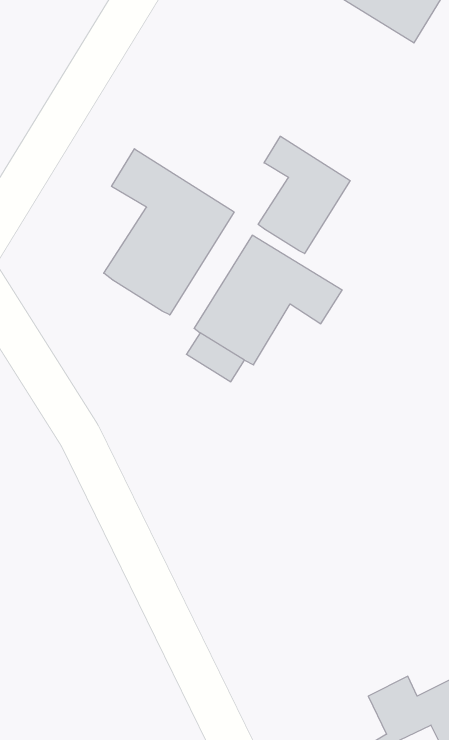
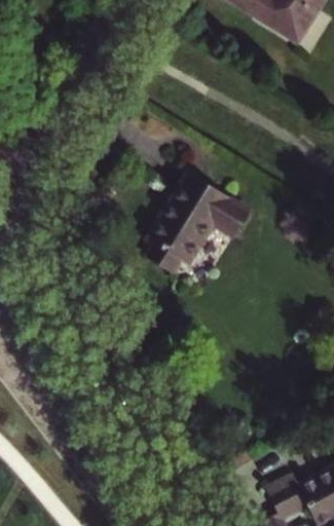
building: [258,136,350,254] -> none
building: [104,149,234,315] -> none

